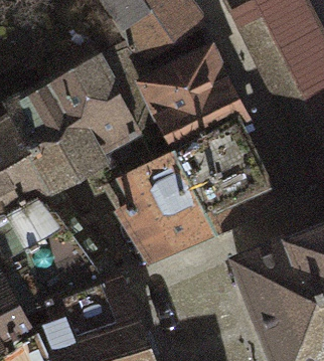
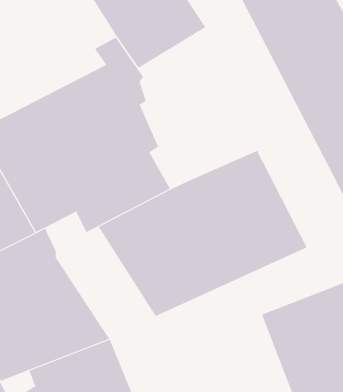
building: [140,50,248,153] -> none

